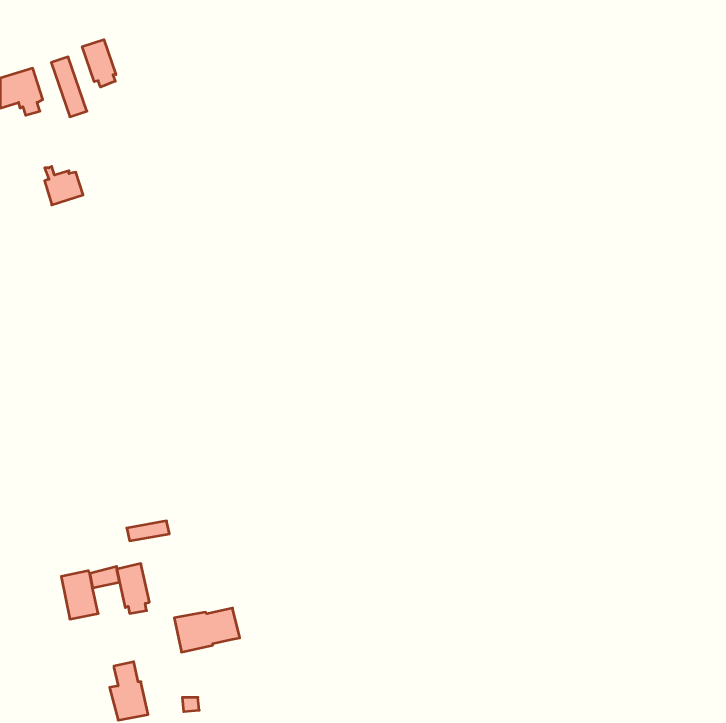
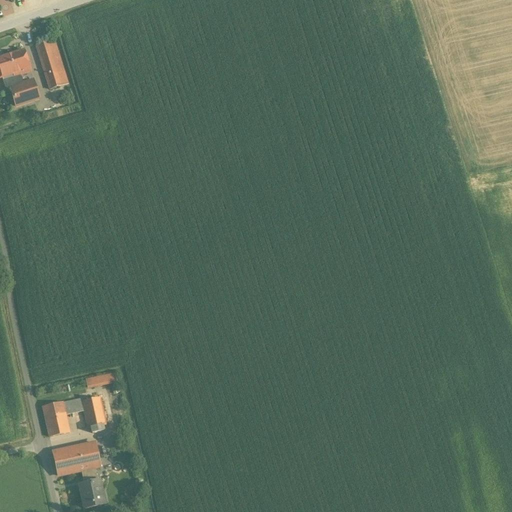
building: [82,40,116,87] -> none
building: [45,166,83,205] -> [12,75,39,102]
building: [174,608,240,652] -> [54,443,100,474]

